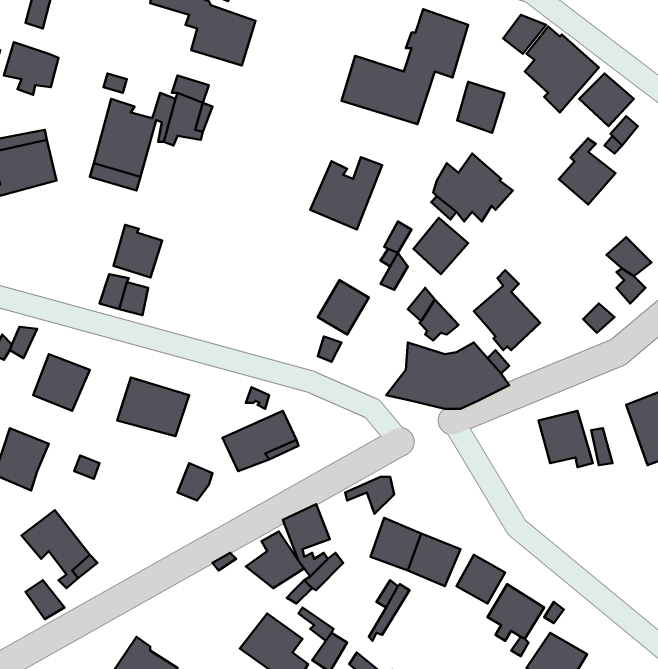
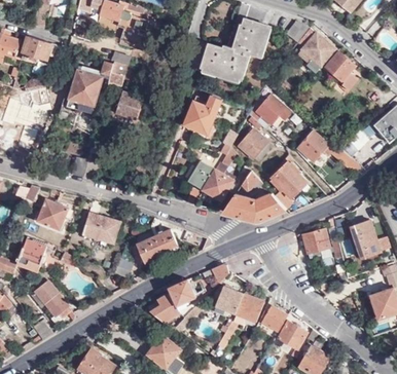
building: [457,82,505,133] -> none
building: [559,138,615,204] -> [298,125,328,160]
building: [113,225,162,277] -> [116,90,142,118]
building: none -> [203,170,232,199]

